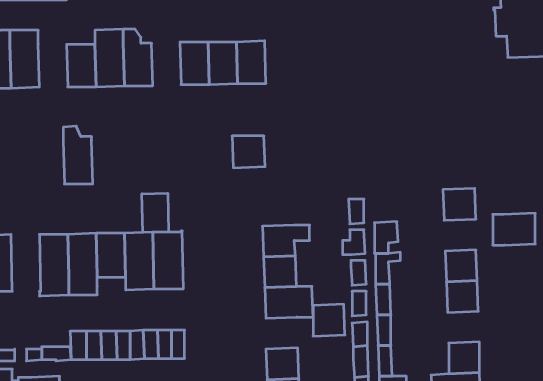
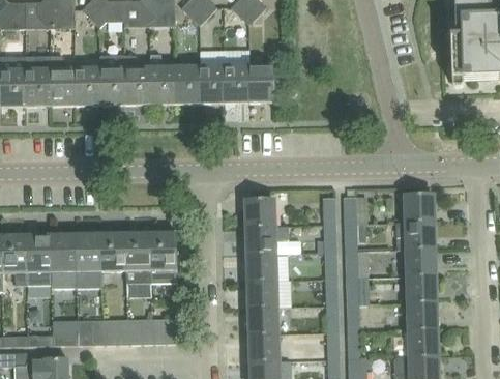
building: none -> [149,54,175,104]
building: none -> [248,62,274,103]
building: [63,126,93,184] -> [50,54,76,105]
building: [232,136,265,168] -> [245,199,274,227]
building: none -> [344,196,367,224]
building: [142,193,169,232] -> none
building: [493,213,535,245] -> [396,221,434,249]
building: none -> [26,234,52,284]
building: [313,304,345,336] -> [249,307,277,334]
building: none -> [409,301,437,329]

